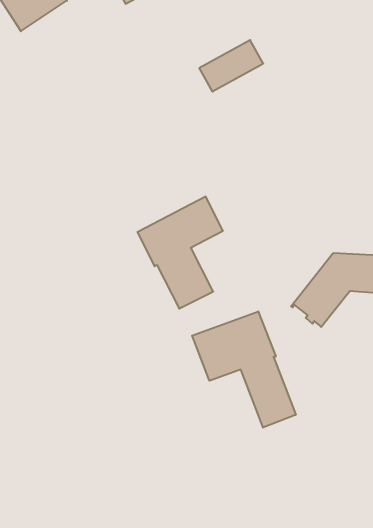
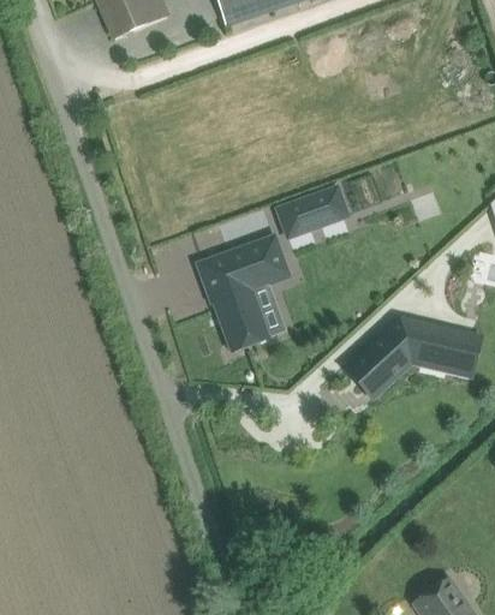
building: [199,40,263,92] -> [280,189,347,235]
building: [192,311,296,428] -> none

